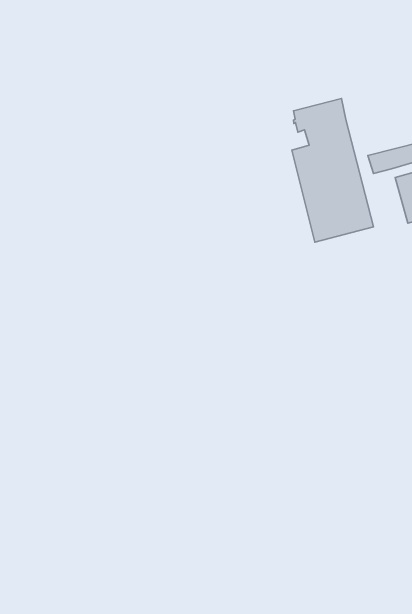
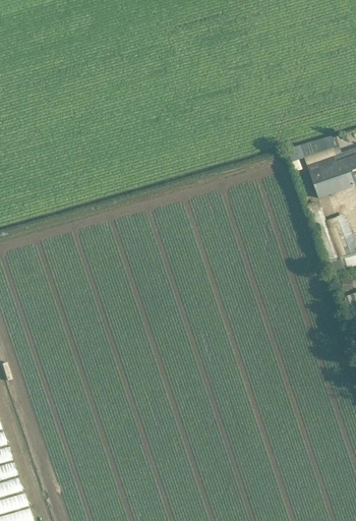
building: [292,98,374,242] -> none

